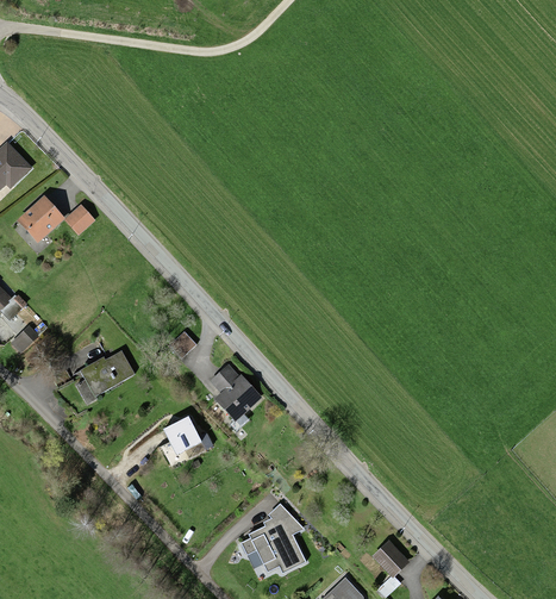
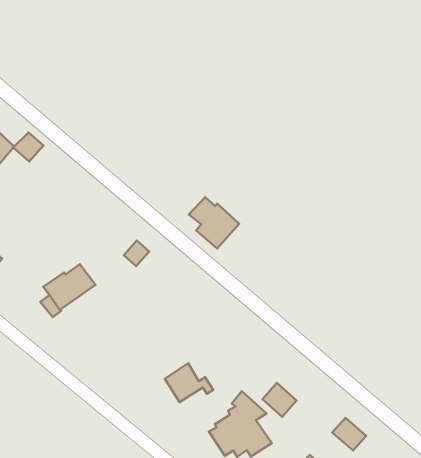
building: [210,364,262,420] -> [189,197,239,248]
building: [163,414,213,455] -> [165,363,213,402]
building: none -> [263,383,297,417]

